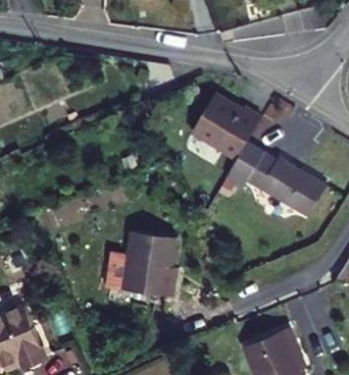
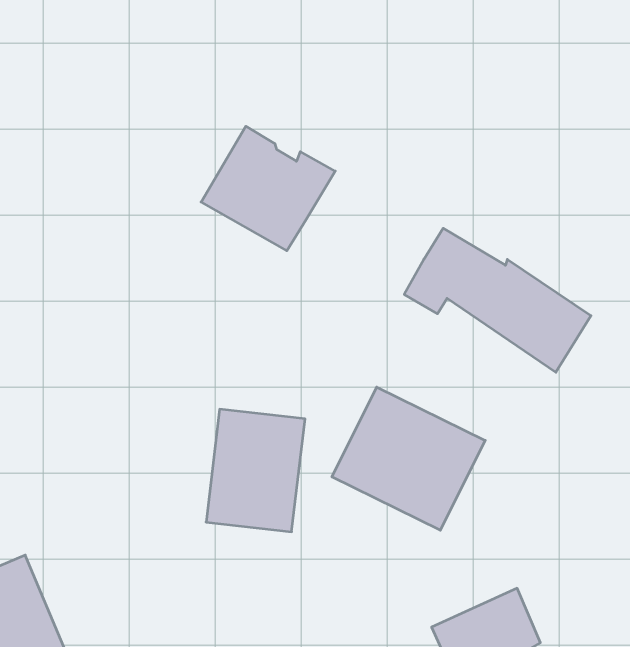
building: [192,90,262,155] -> [201,126,335,251]
building: none -> [332,387,485,530]

